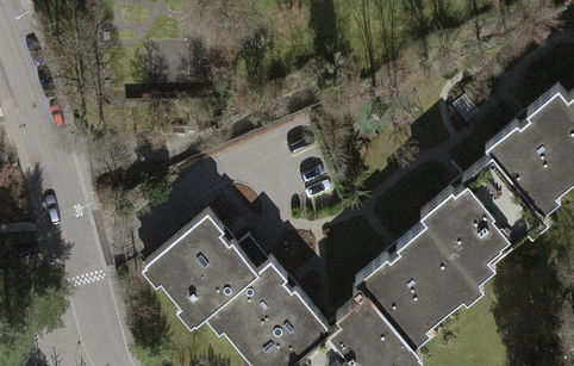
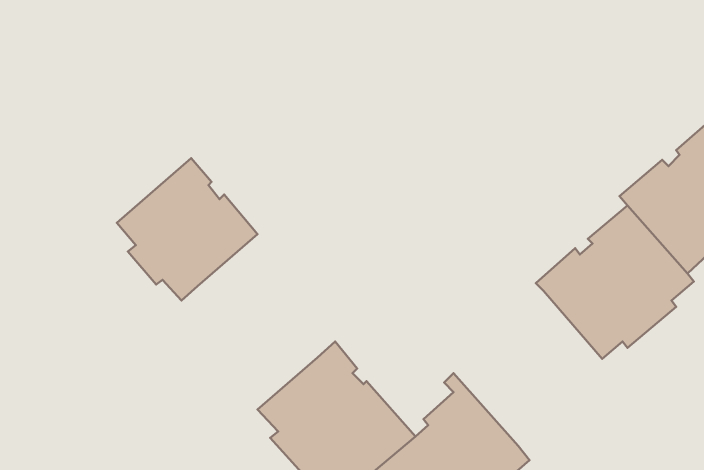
building: [152,216,258,323] -> [117,158,257,300]
building: [358,223,479,340] -> none

